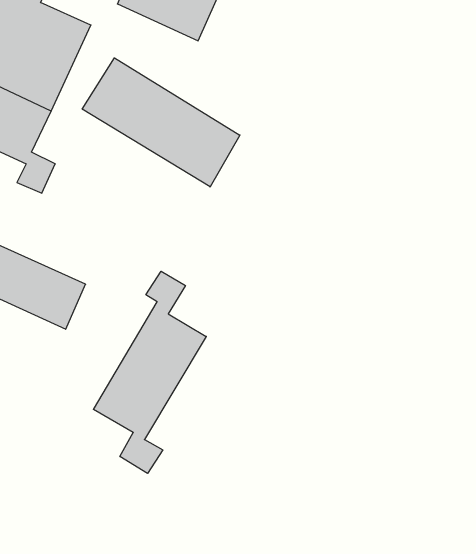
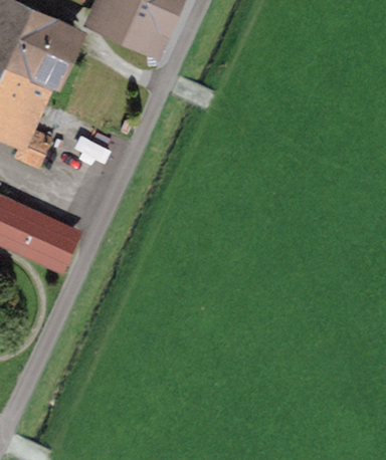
building: [82,58,240,187] -> none
building: [93,271,206,473] -> none

